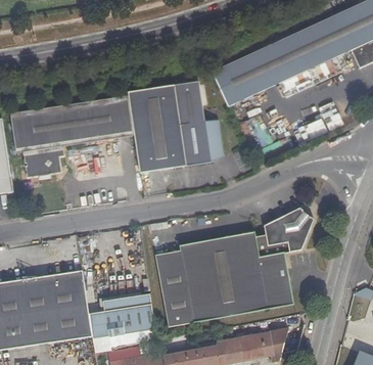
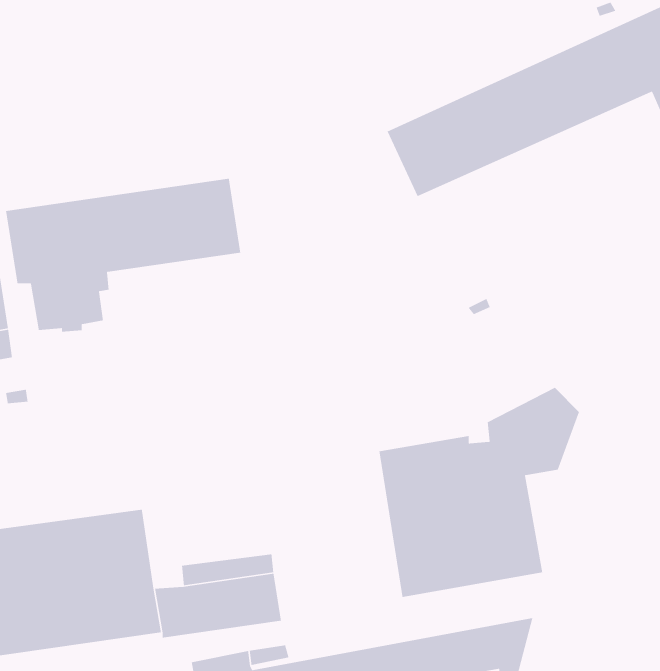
building: [126,82,222,173] -> none
building: [153,240,218,327] -> none

